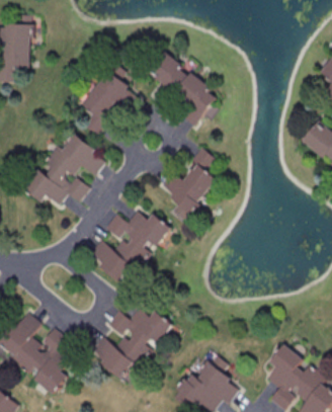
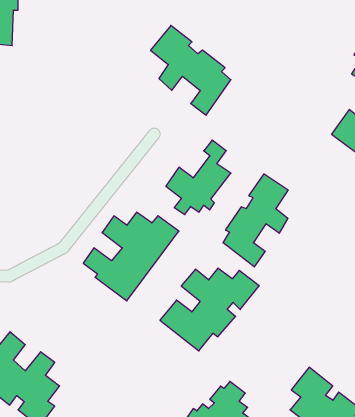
building: [83,63,139,135] -> none
building: [24,134,104,205] -> none
building: none -> [223,174,288,267]
building: [88,309,173,380] -> [160,268,259,351]

